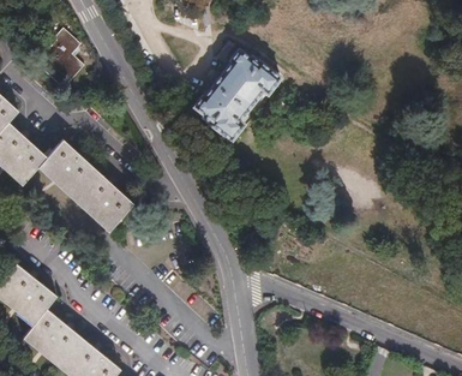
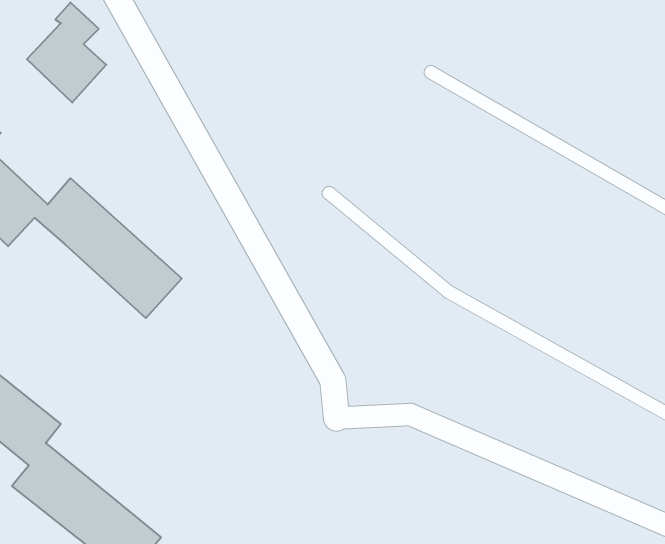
building: [193,49,281,143] -> none

